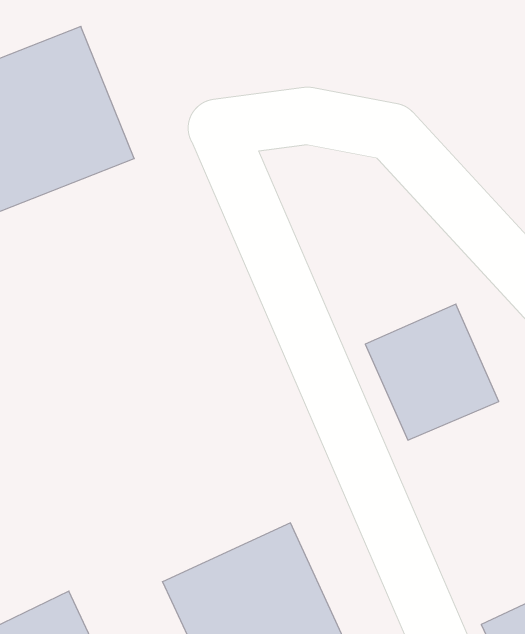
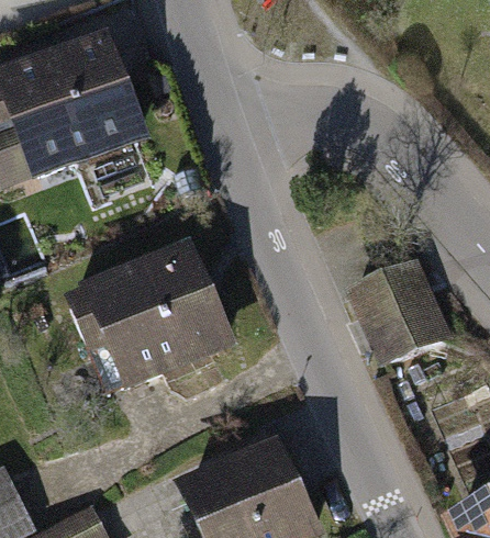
building: none -> [64,236,240,394]

